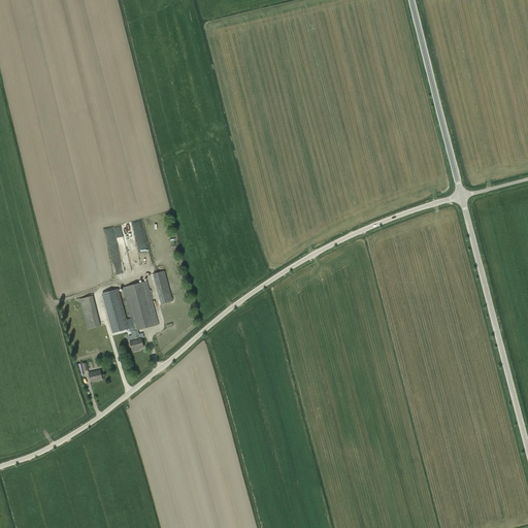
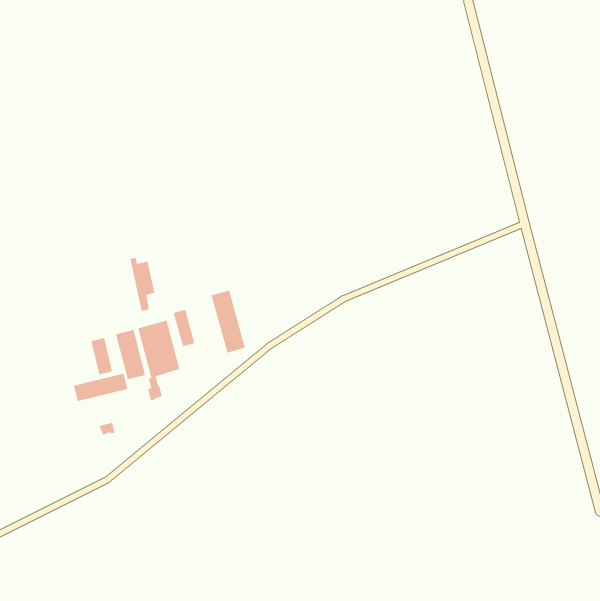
building: none -> [211,290,246,354]
building: none -> [73,373,128,402]

